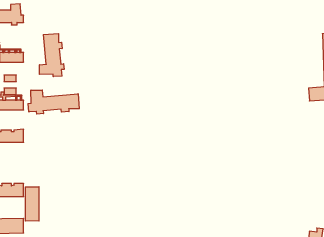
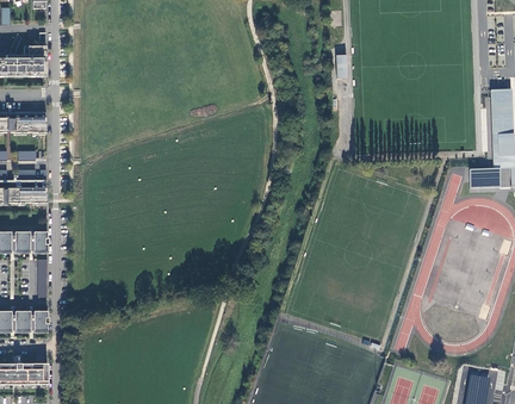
building: [40,34,64,77] -> none
building: [28,90,79,114] -> none
building: [25,187,39,221] -> none

